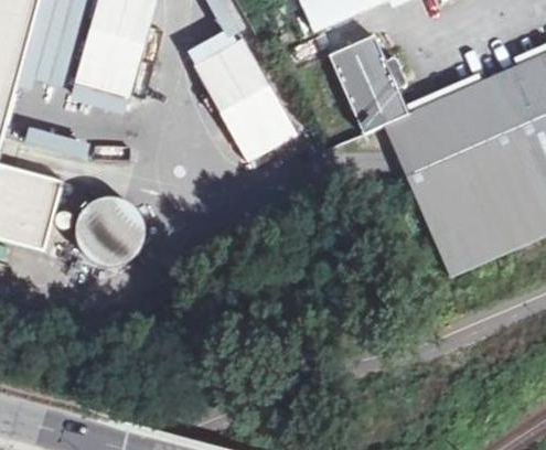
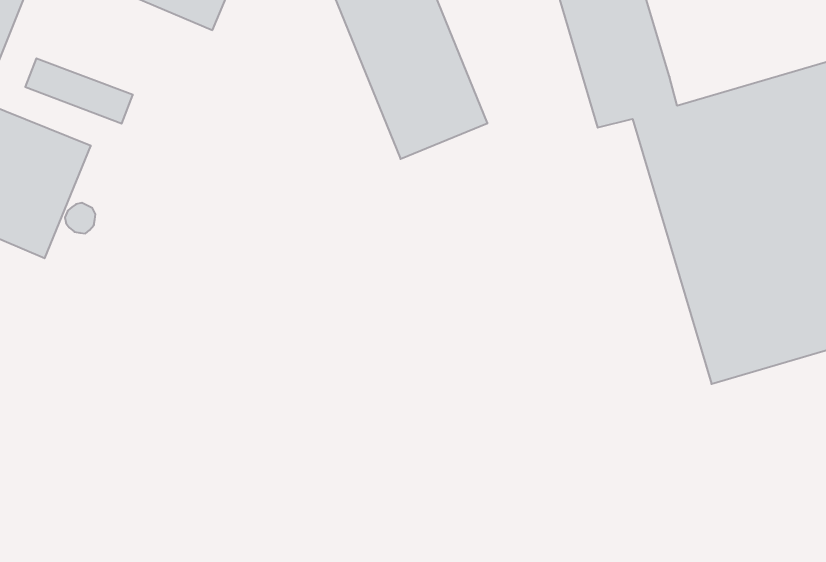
building: [78,199,147,266] -> none

